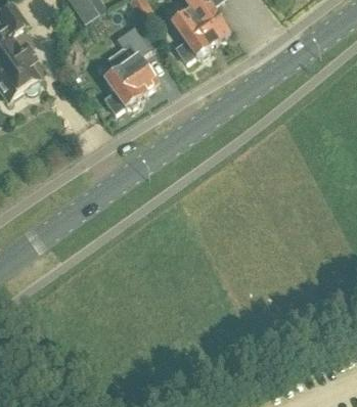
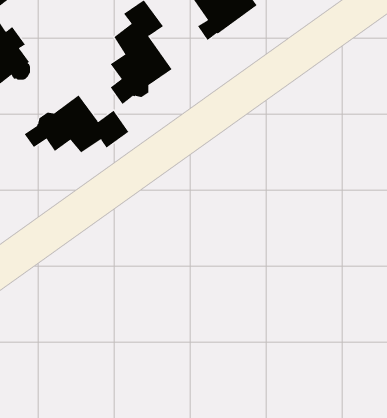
building: none -> [24,95,129,153]

